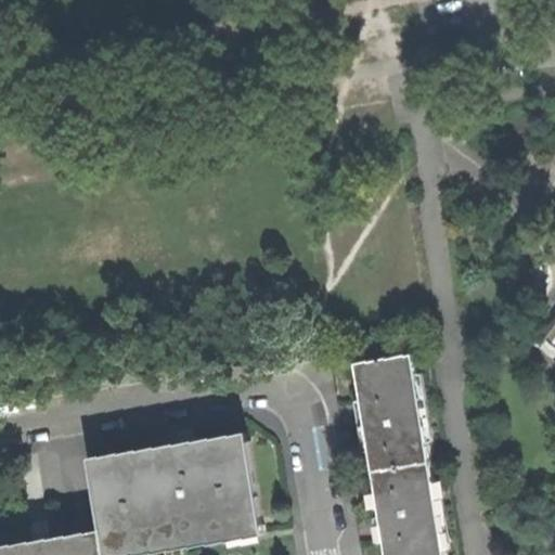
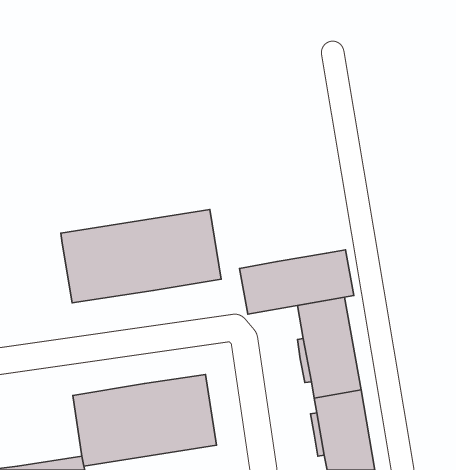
building: none -> [61,209,221,303]
building: none -> [240,250,354,314]

